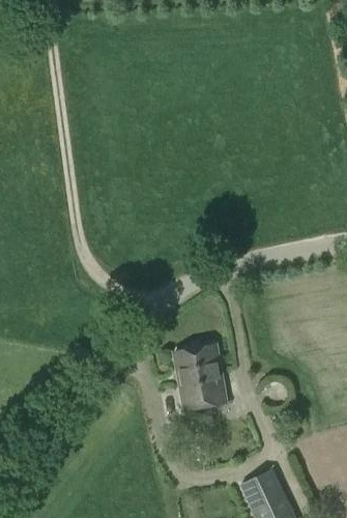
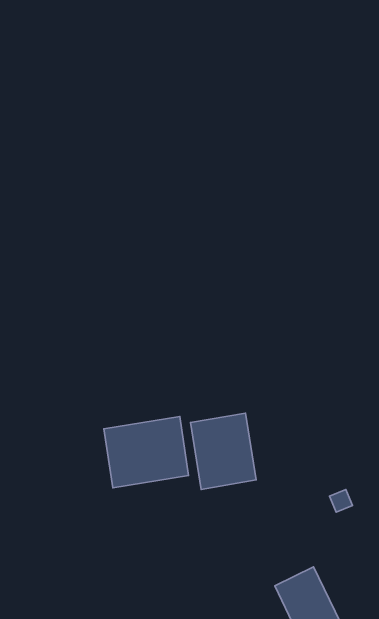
building: none -> [104,417,189,488]

